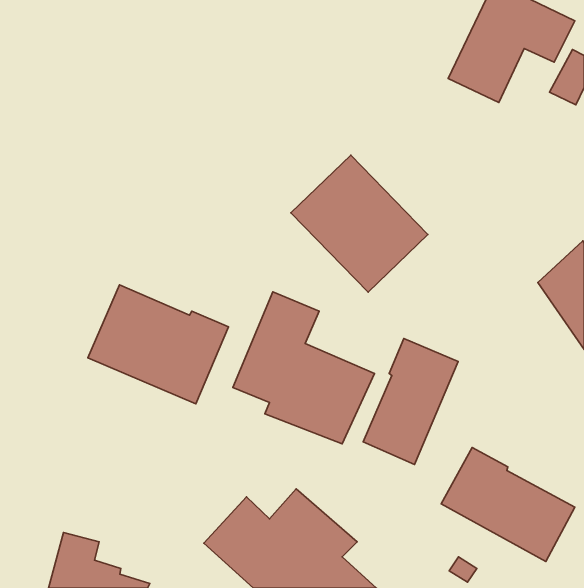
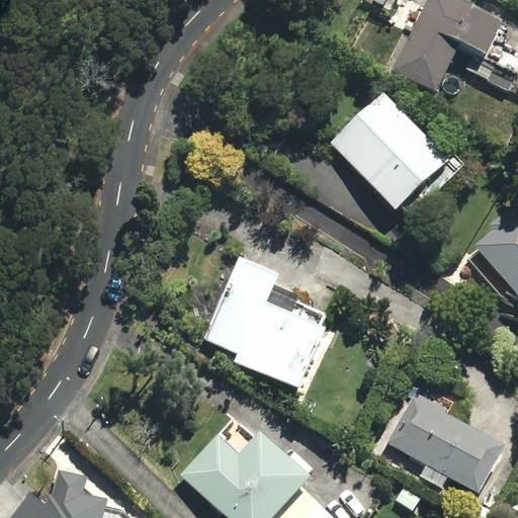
building: [291,155,428,292] -> [329,90,449,210]
building: [88,285,229,404] -> none
building: [363,339,458,464] -> none

